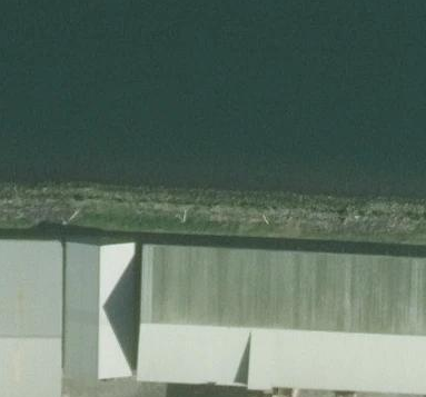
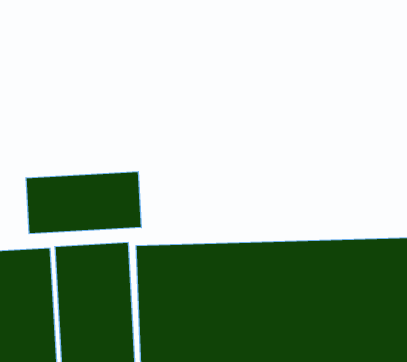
building: none -> [26,172,141,234]

